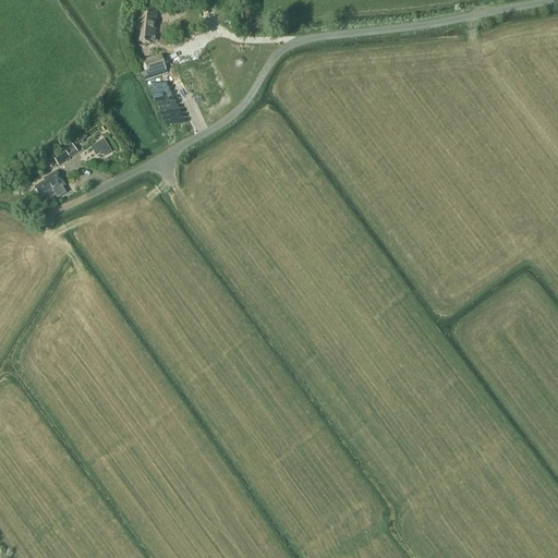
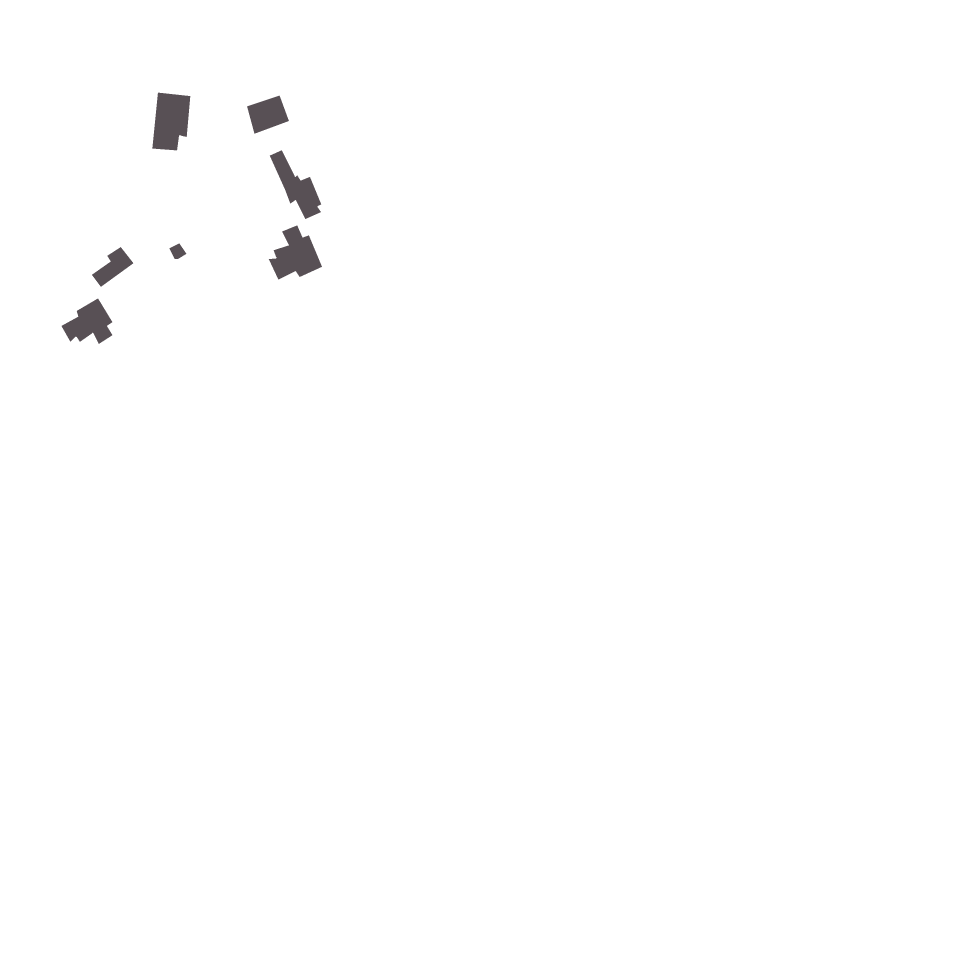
building: [135,10,158,44] -> [151,92,191,151]
building: none -> [268,224,323,280]

